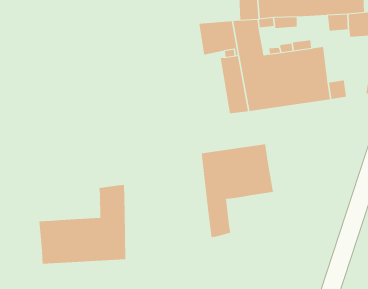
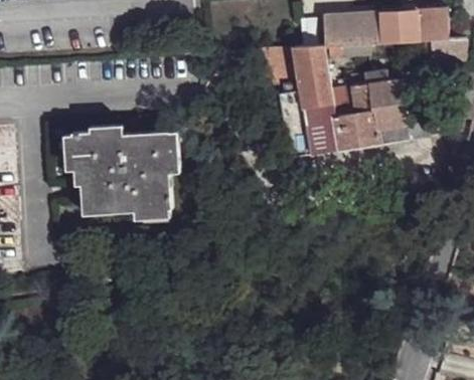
building: none -> [71,131,174,215]
building: [201,143,273,238] -> none
building: [39,184,126,265] -> none

